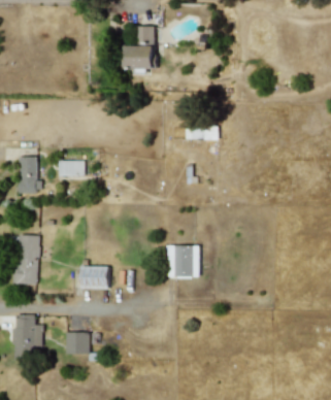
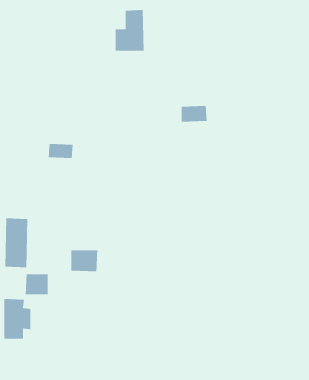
building: [18,157,36,194] -> none
building: [165,245,199,277] -> none
building: [65,332,89,354] -> [25,273,49,295]

